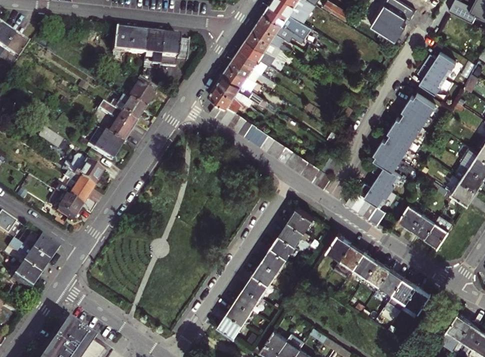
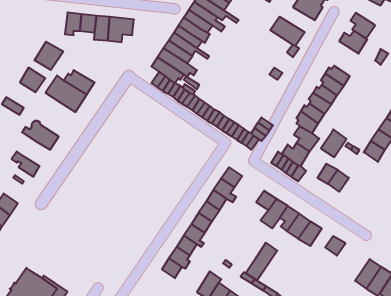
building: none -> [270,17,305,46]
building: [418,64,446,93] -> [351,13,375,38]
building: [125,79,158,111] -> [34,42,63,70]
building: [93,133,122,161] -> [20,68,45,92]
building: [56,179,93,207] -> none
building: [424,214,453,246] -> [321,129,346,157]
building: [381,278,417,321] -> [246,243,277,280]

